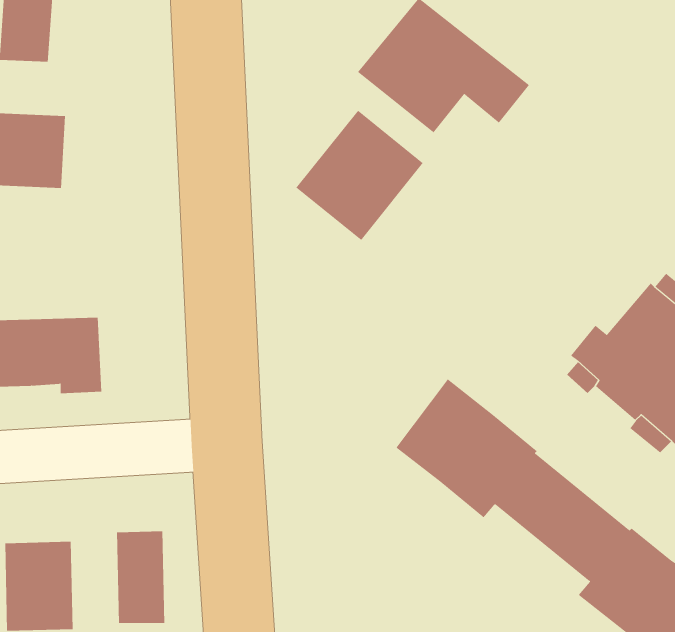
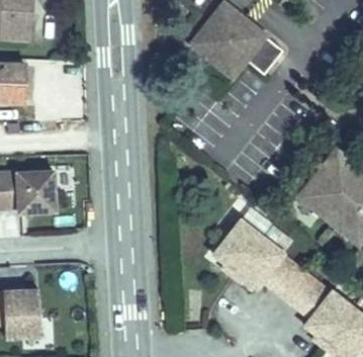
building: [296,110,424,241] -> none
building: [117,531,165,624] -> none

